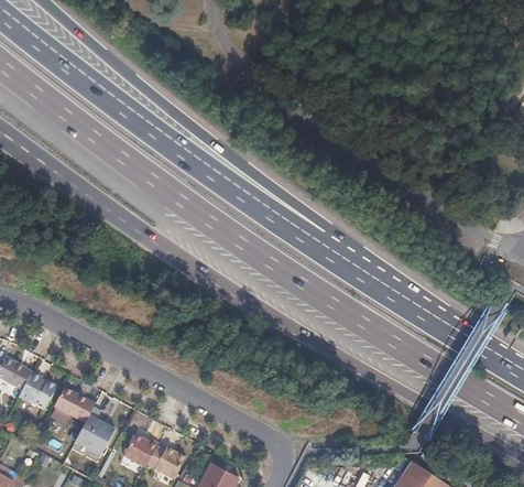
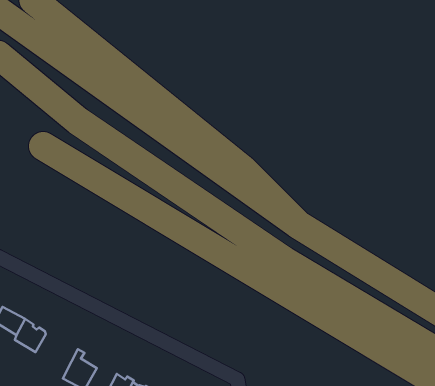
building: [54,388,95,422] -> none

